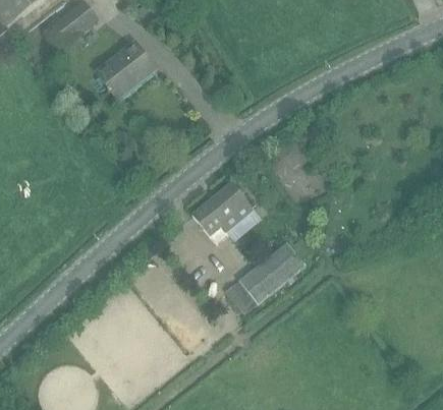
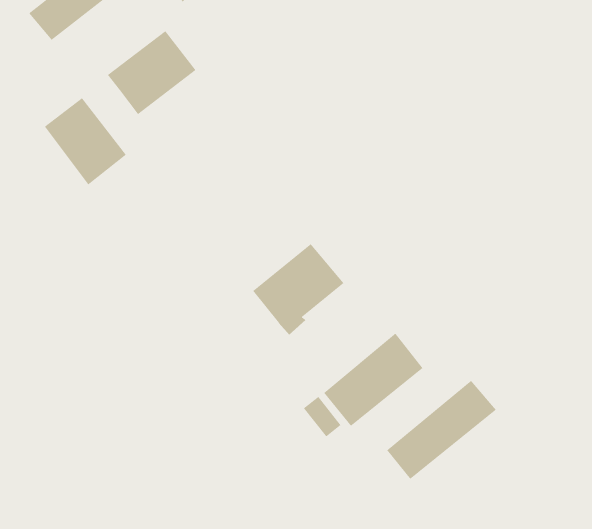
building: none -> [44,97,127,185]
building: none -> [386,380,497,480]

